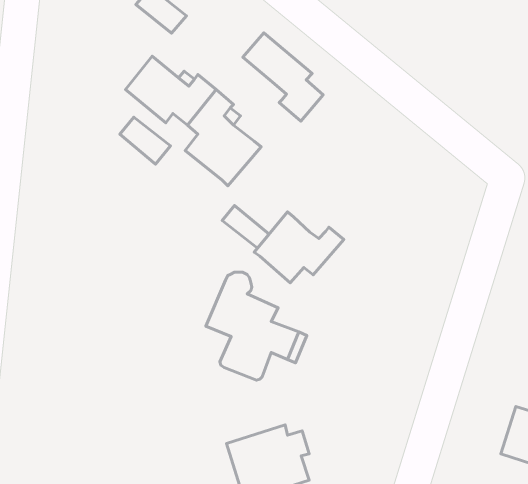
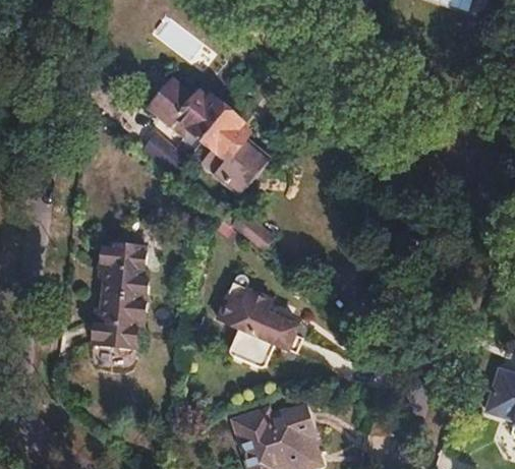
building: [243,33,323,121] -> none
building: [254,212,344,283] -> none
building: none -> [93,241,149,347]

